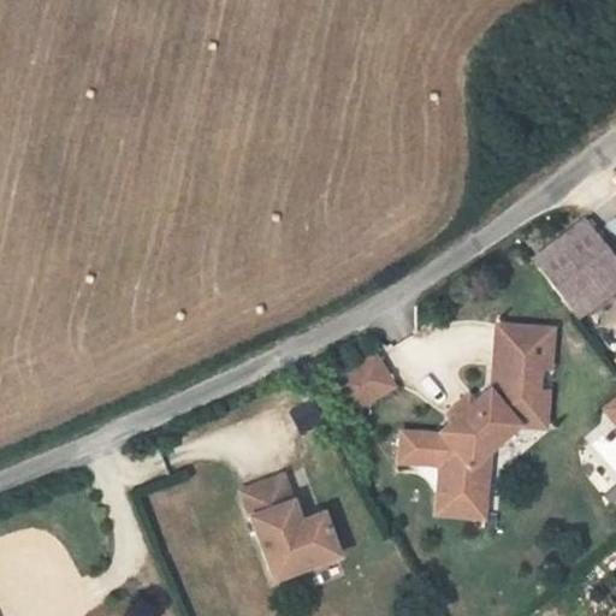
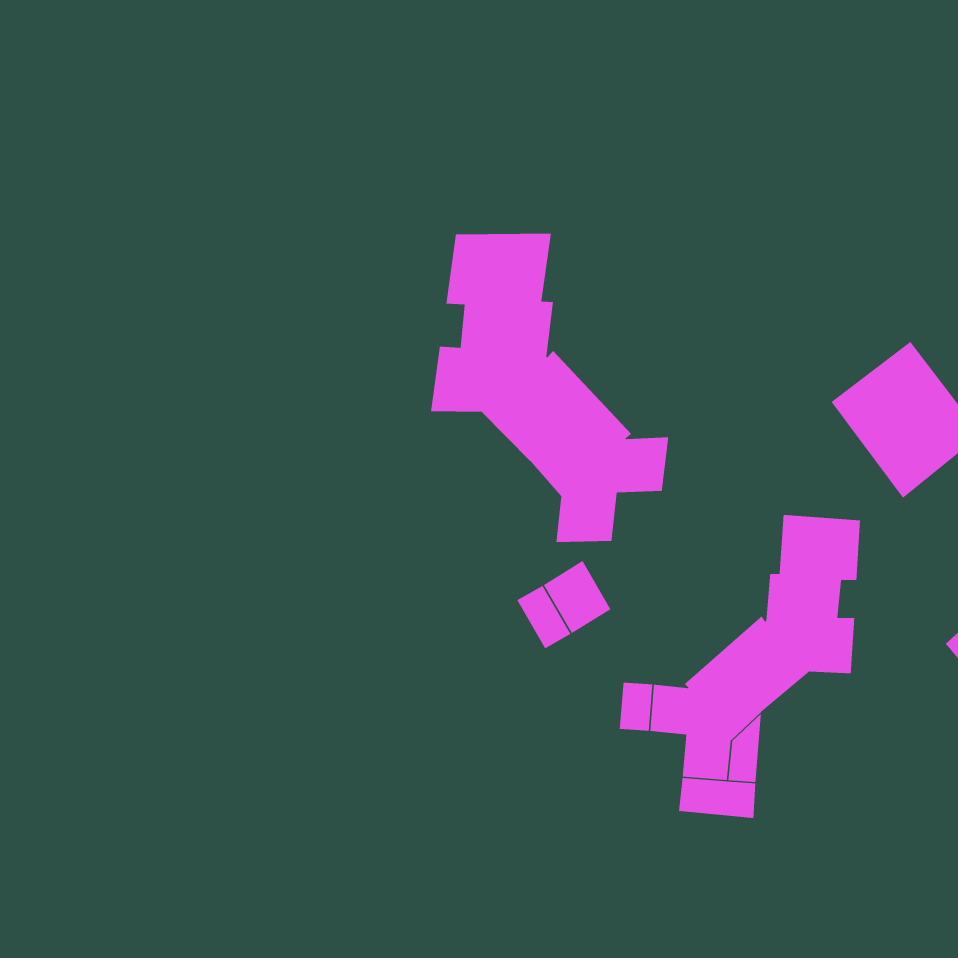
building: none -> [430,233,669,543]
building: [243,476,340,581] -> none

